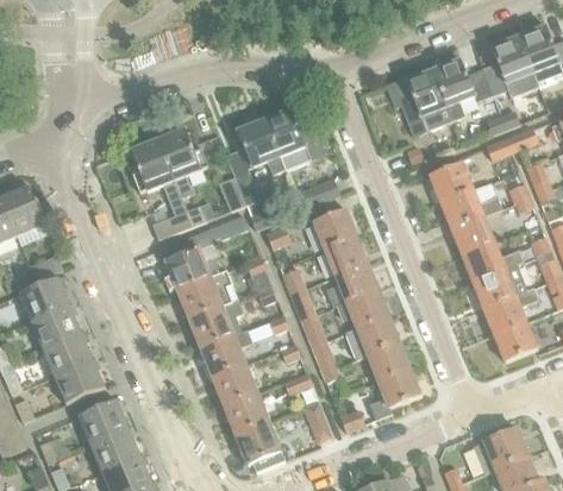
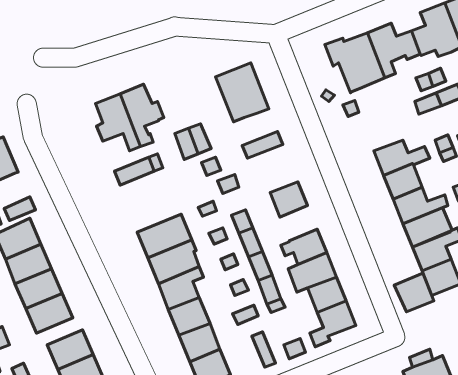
building: [237,120,284,175] -> none
building: [430,163,473,202] -> none
building: [314,209,356,248] -> none
building: [159,216,248,292] -> none
building: [336,263,377,302] -> none
building: none -> [394,273,434,312]

